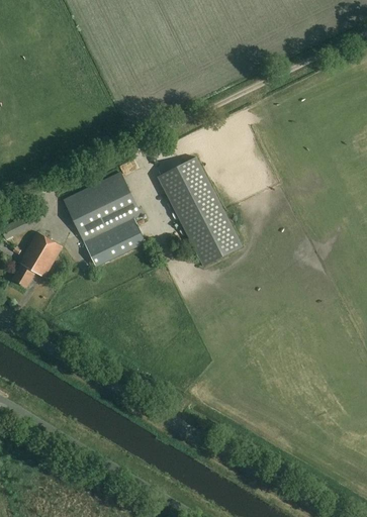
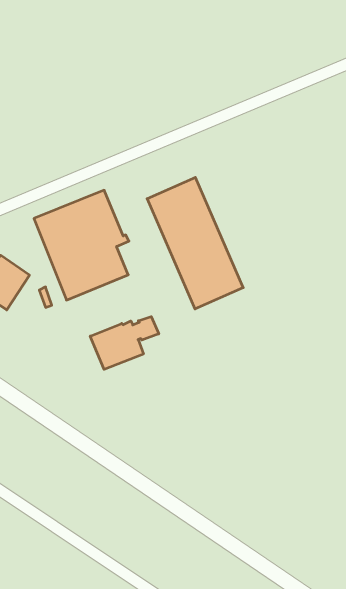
building: none -> [90,317,159,369]

